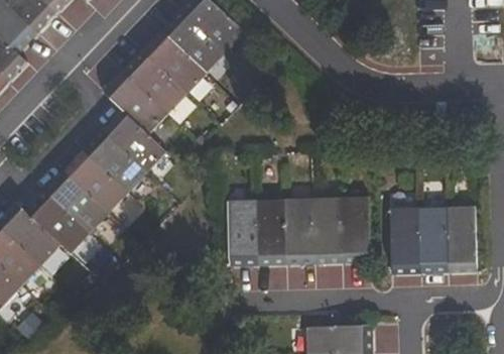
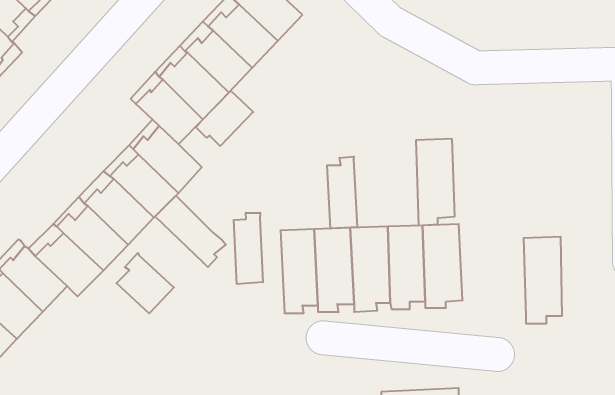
building: none -> [196,91,253,146]
building: none -> [327,157,357,229]
building: none -> [155,196,226,267]
building: none -> [234,213,263,284]
building: [446,205,476,272] -> none
building: [388,207,418,274] -> [416,139,455,225]
building: none -> [116,253,174,313]

